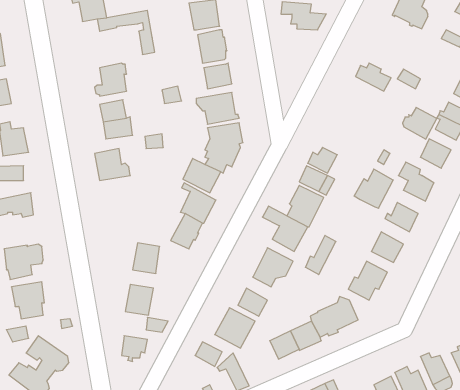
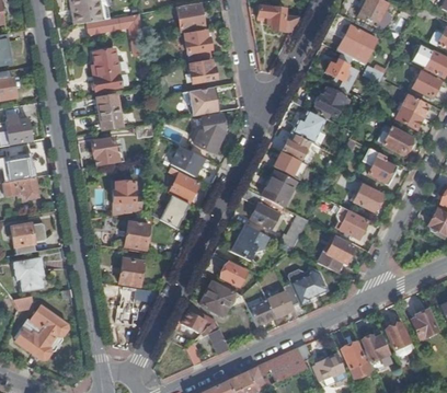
building: none -> [336,25,377,63]
building: [403,107,437,139] -> [313,88,344,116]
building: [354,169,393,208] -> [289,108,324,143]
building: none -> [113,181,142,213]

